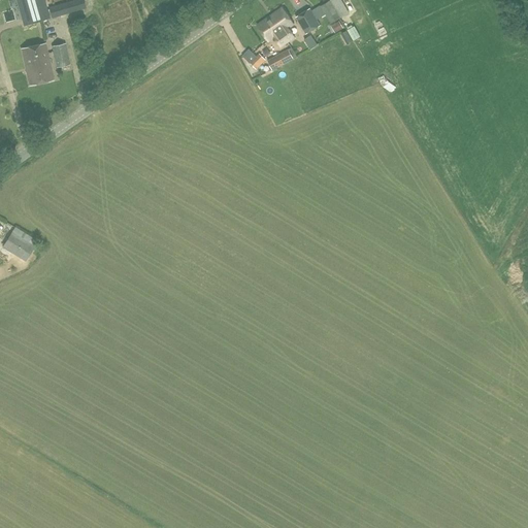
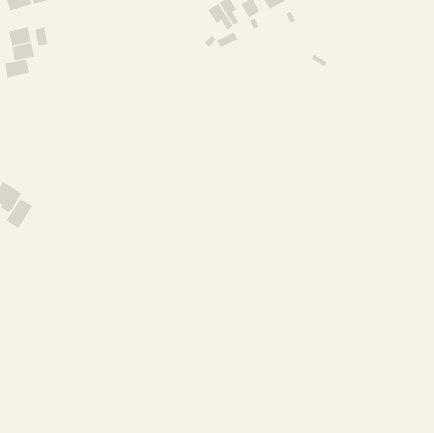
building: none -> [4,59,30,78]
building: none -> [6,198,33,229]

